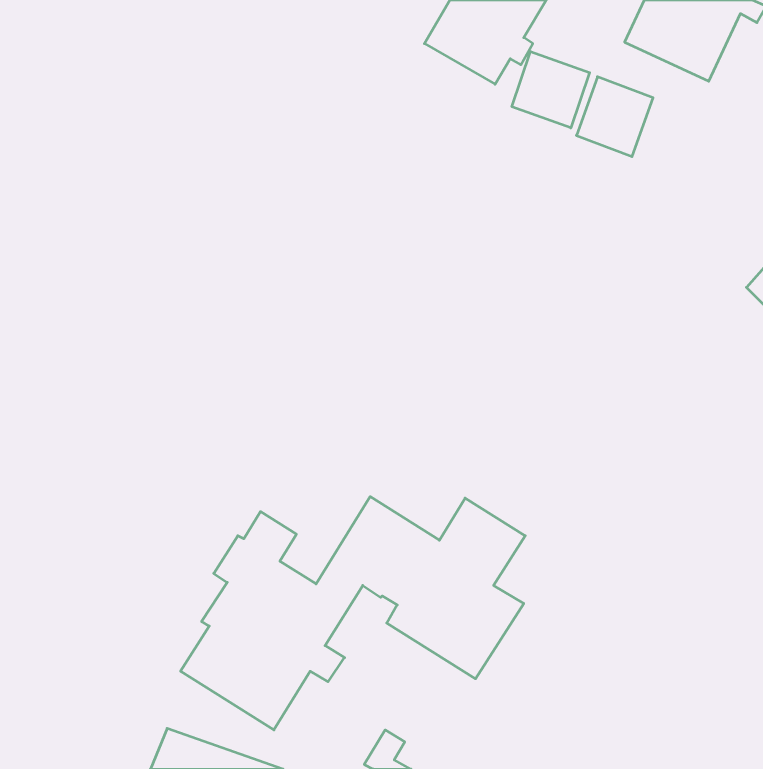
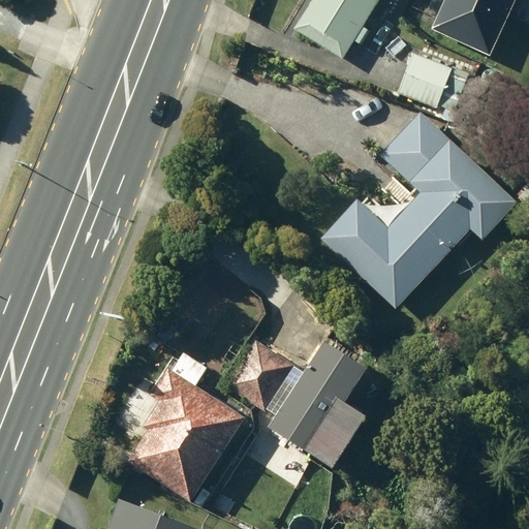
building: [512,52,590,128] -> none
building: none -> [320,112,517,309]

